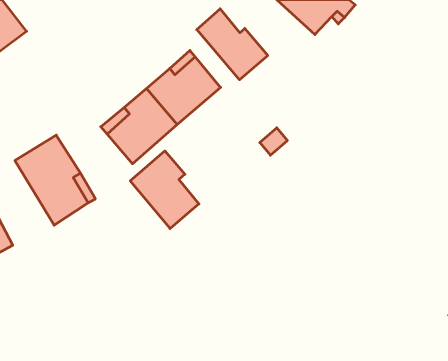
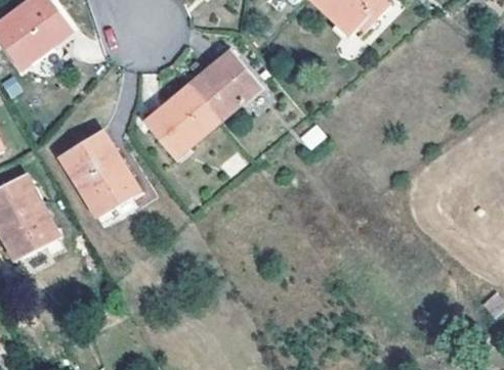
building: [197,9,268,80] -> none
building: [130,151,199,229] -> none

